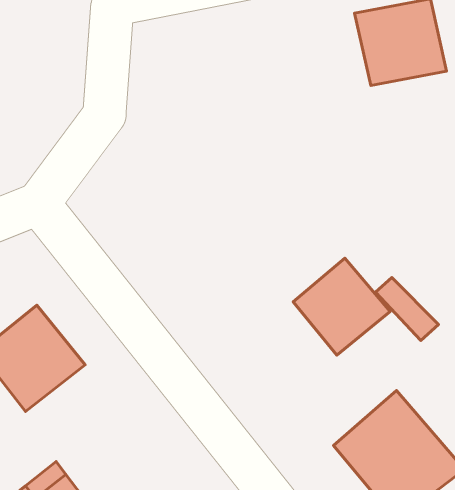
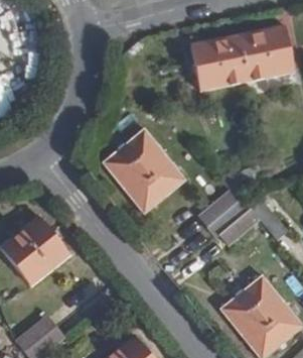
building: none -> [190,36,246,91]
building: none -> [104,129,183,213]

